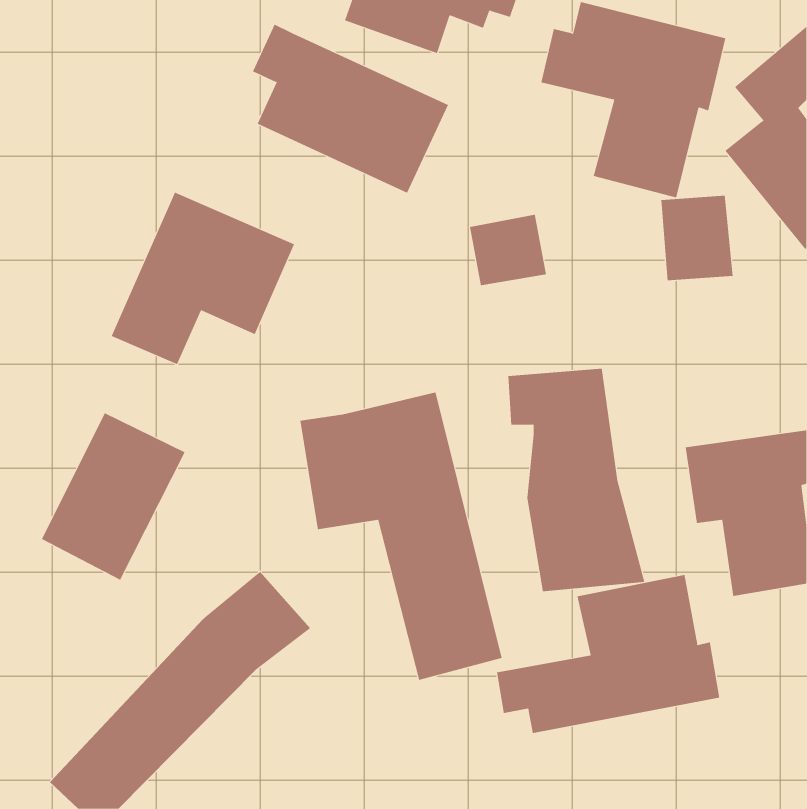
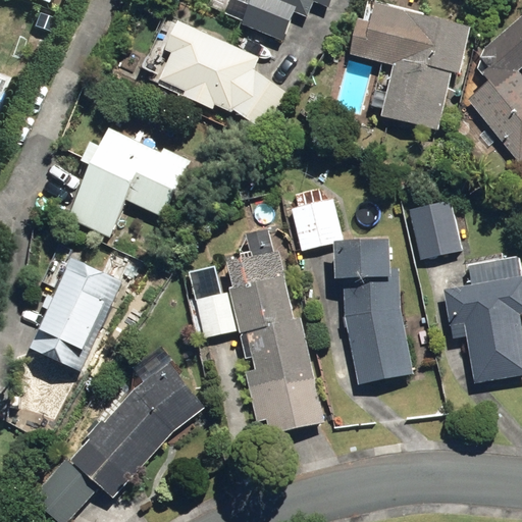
building: [661,195,734,281] -> [415,201,462,256]
building: [469,214,547,286] -> [296,199,346,245]
building: [497,574,720,734] -> none

